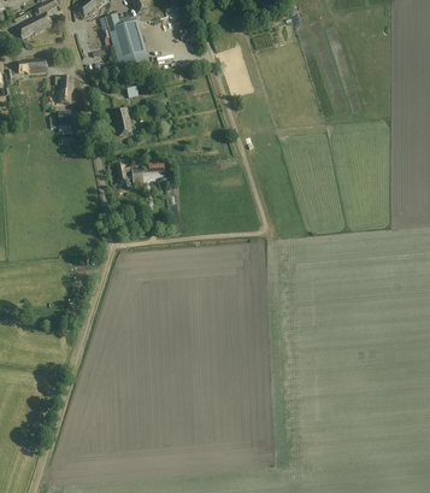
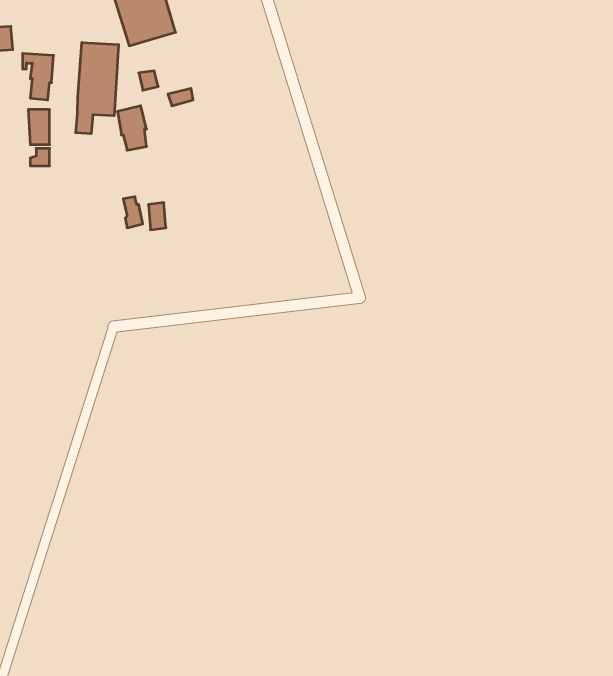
building: none -> [76,42,119,134]

